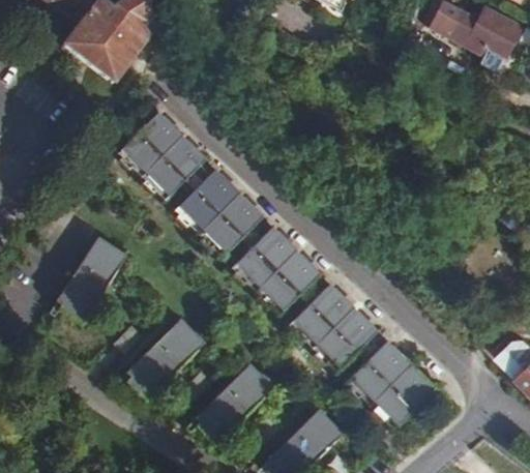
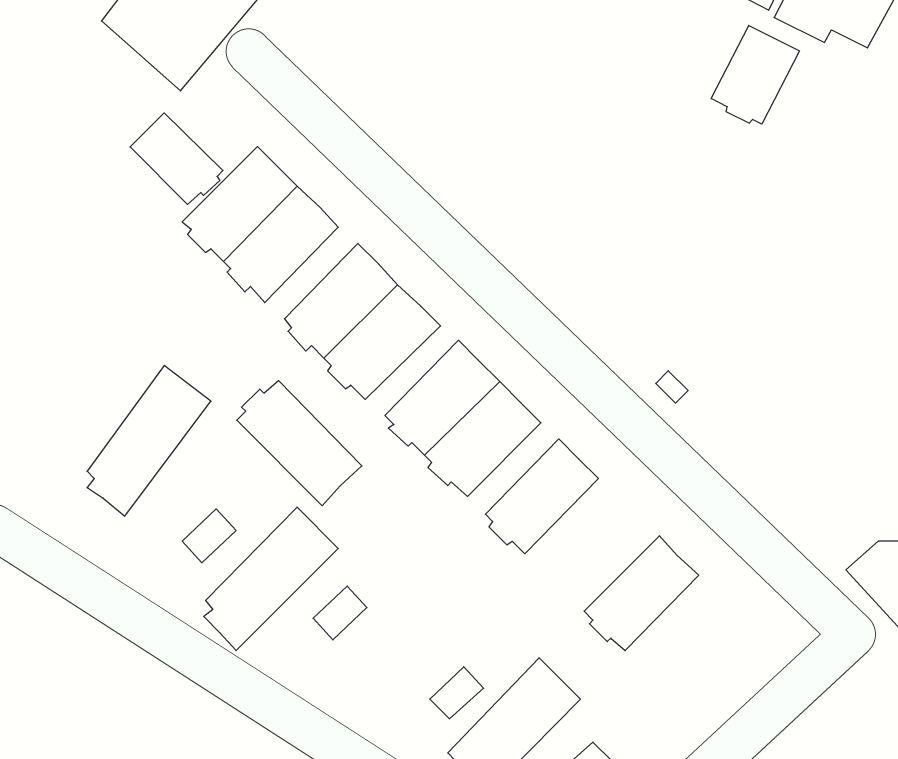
building: none -> [711,25,799,124]
building: none -> [130,113,223,204]
building: none -> [237,381,362,506]
building: [311,303,377,371] -> none
building: [369,359,435,426] -> none
building: [197,364,274,447] -> none

